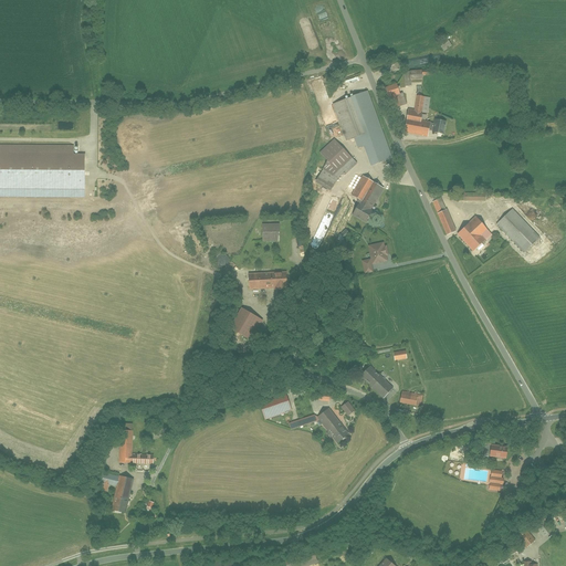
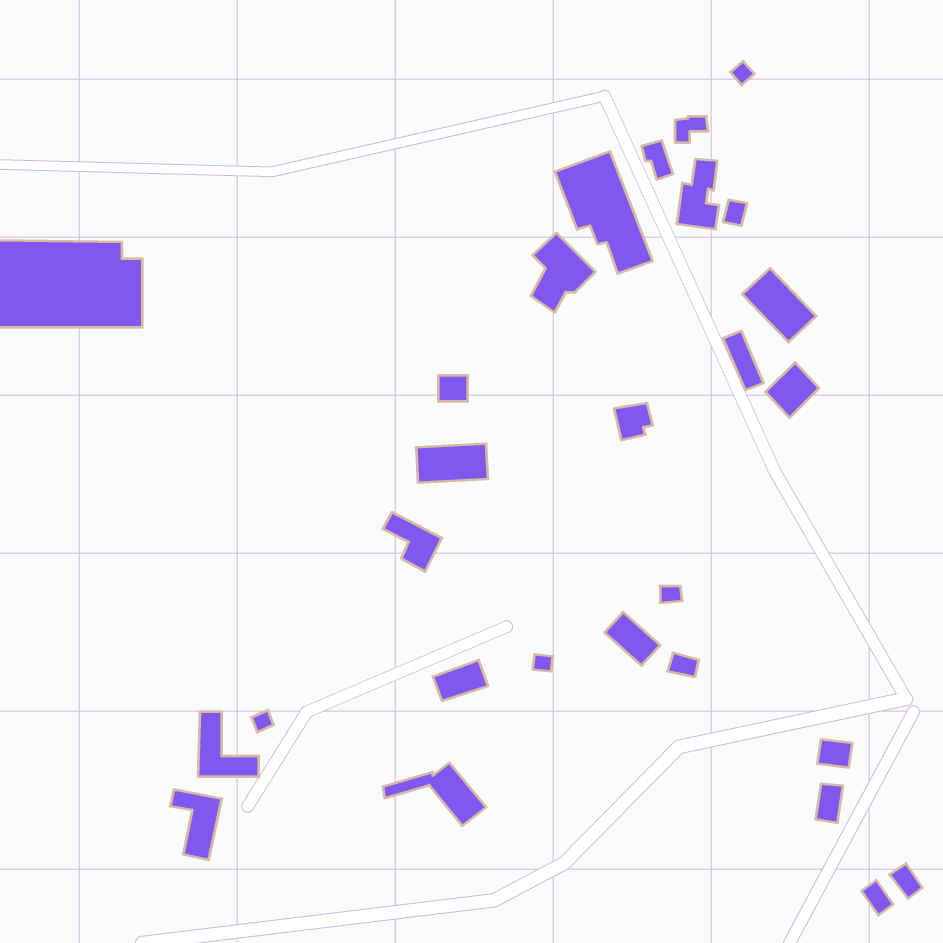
building: [350,176,384,223] -> none
building: [496,208,541,252] -> [742,268,816,342]
building: [290,407,352,444] -> [383,763,486,826]

